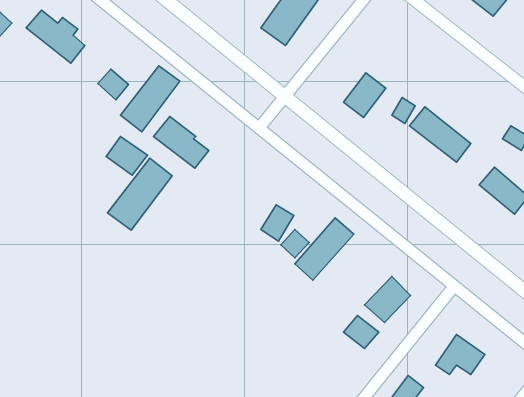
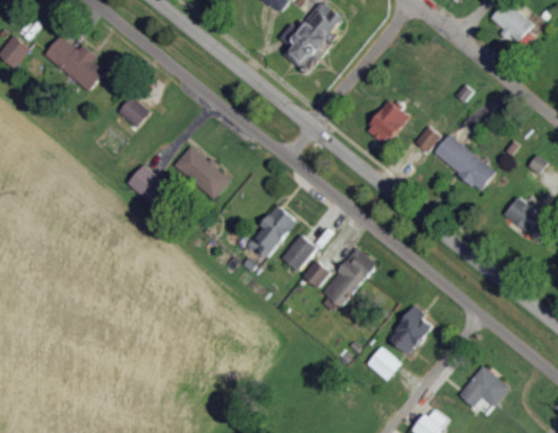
building: [120,66,180,132] -> none
building: [108,158,172,230] -> none
building: none -> [247,205,298,260]

